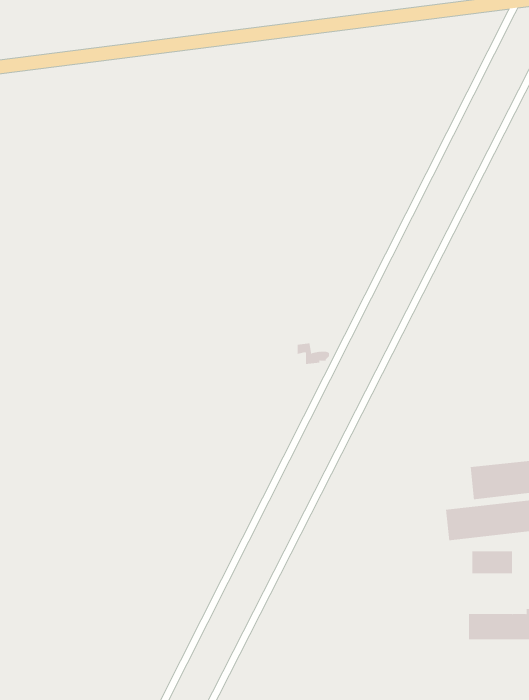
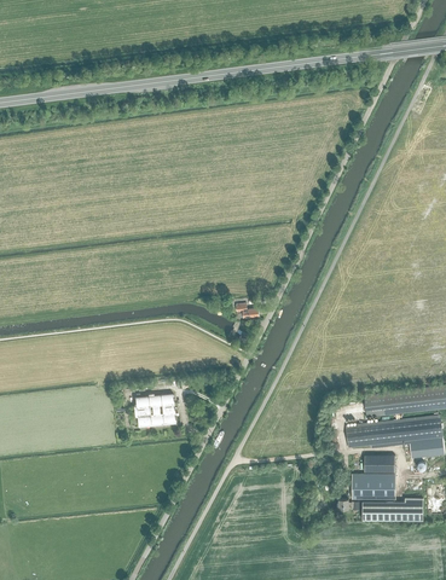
building: none -> [133,393,174,425]
building: none -> [352,474,394,498]

